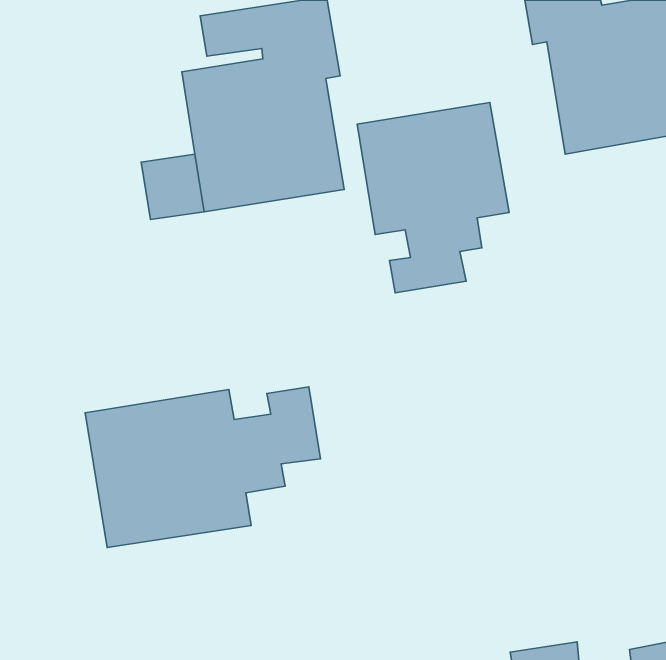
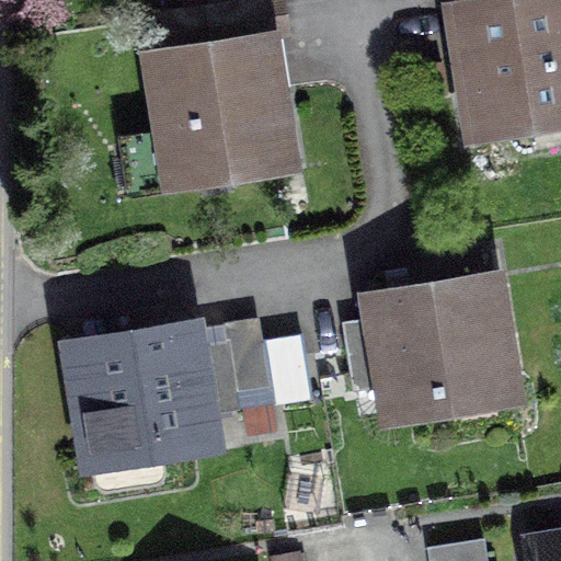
building: [357,102,509,293] -> none
building: none -> [345,285,513,417]

